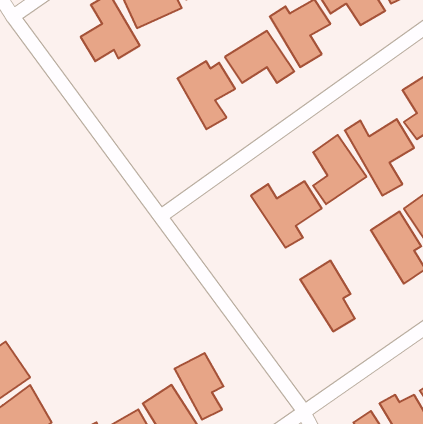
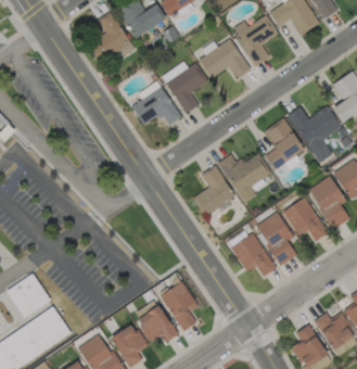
building: none -> [131,87,181,125]
building: none -> [193,165,234,215]
building: none -> [283,196,327,240]
building: none -> [230,232,277,277]

